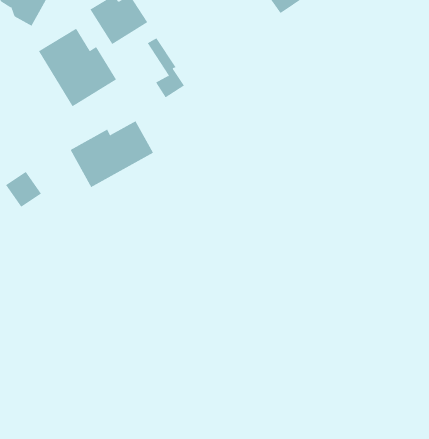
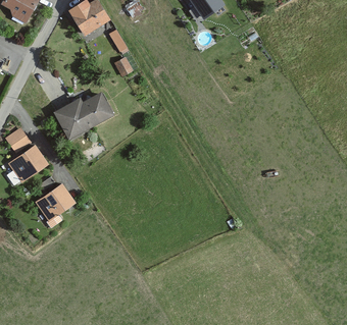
building: [38,28,117,107] -> none
building: none -> [7,145,48,185]
building: none -> [34,182,76,228]

